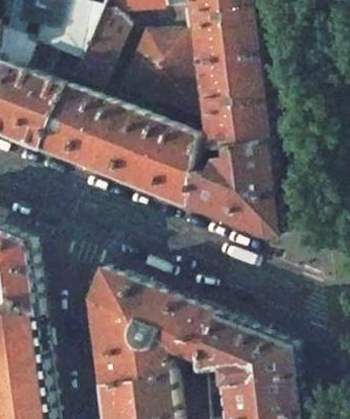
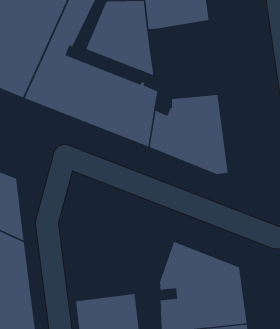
building: [182,54,265,148] -> none
building: [85,267,212,385] -> none

